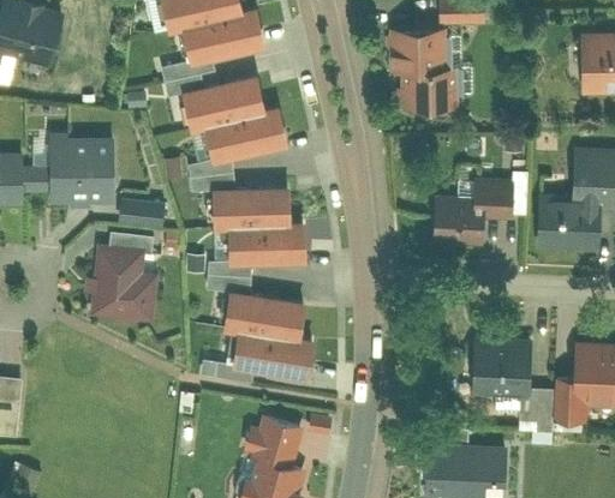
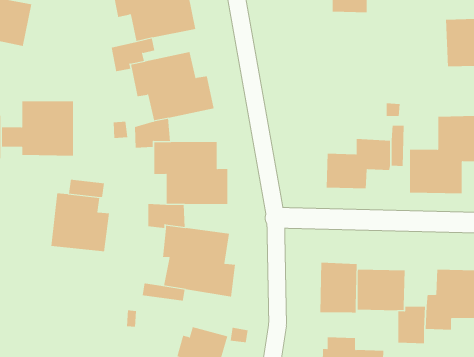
building: [386,28,453,110] -> none
building: [119,199,166,228] -> none
building: none -> [320,262,357,313]

